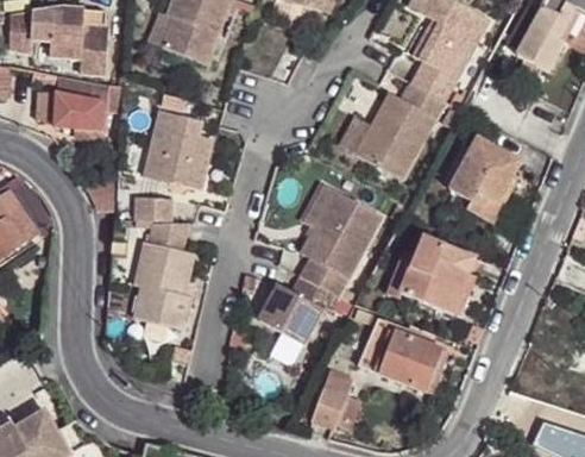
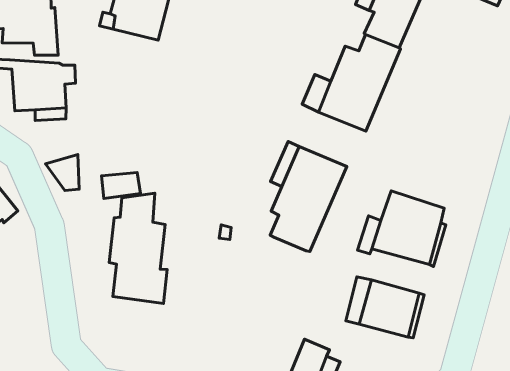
building: [143,106,214,187] -> none
building: [447,136,520,223] -> none
building: [259,276,332,342] -> none

